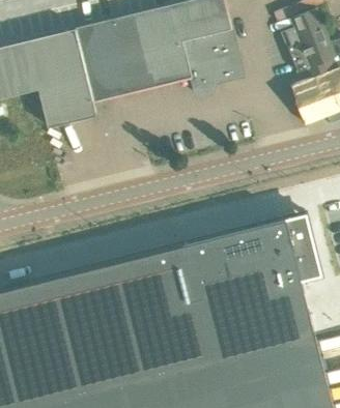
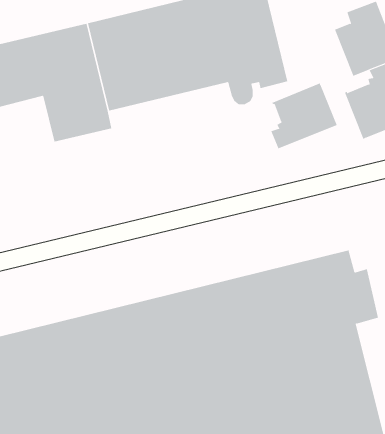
building: none -> [270,82,338,149]

